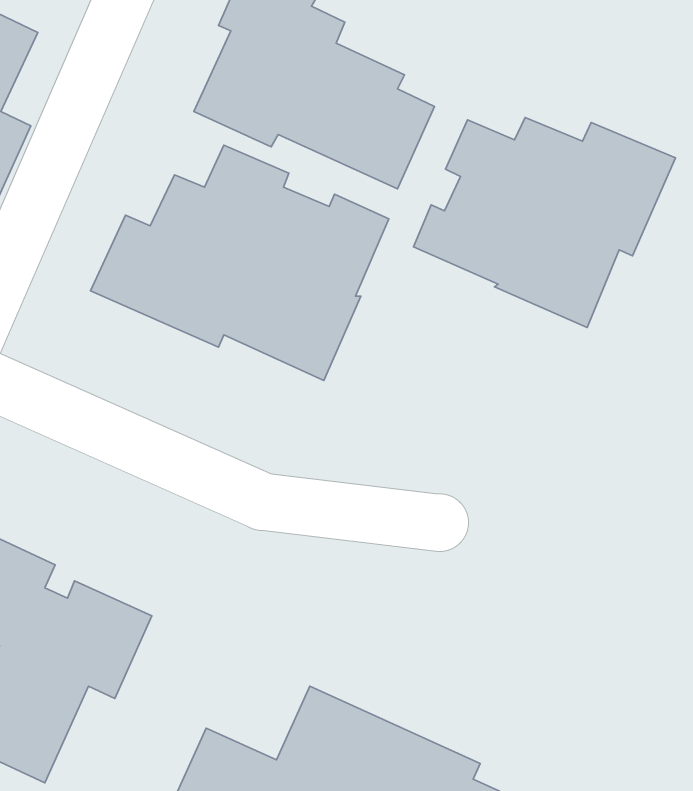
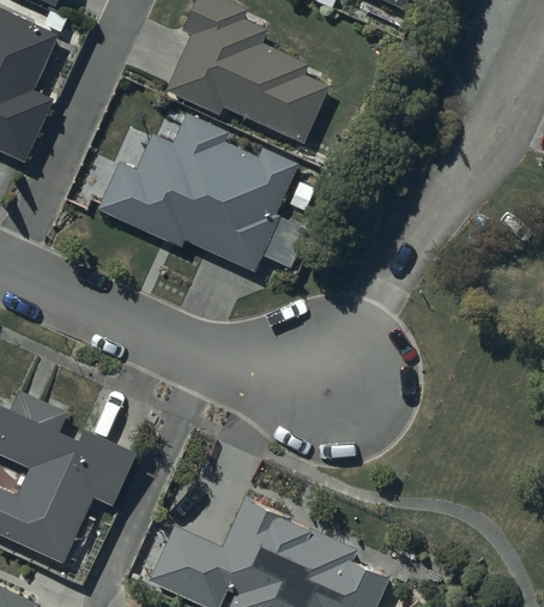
building: [414,118,675,327] -> none

